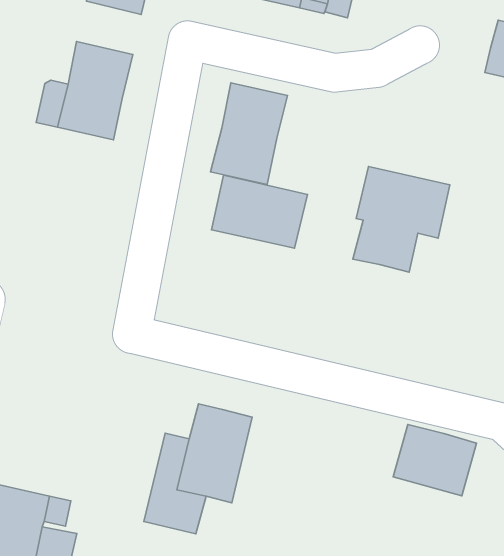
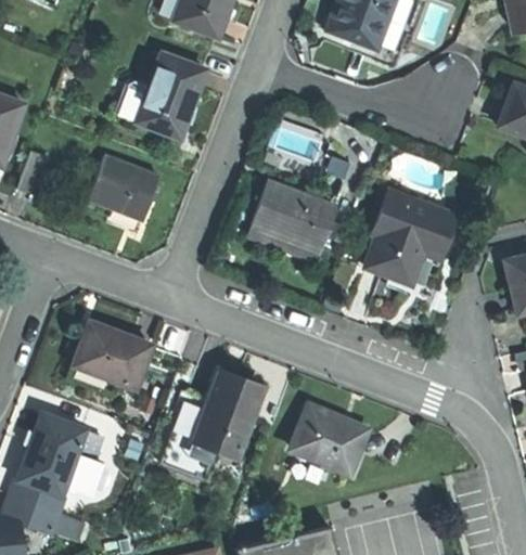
building: [211,83,287,185] -> none
building: none -> [88,155,159,220]
building: none -> [74,319,152,387]
building: [393,424,476,496] -> [294,405,368,472]

